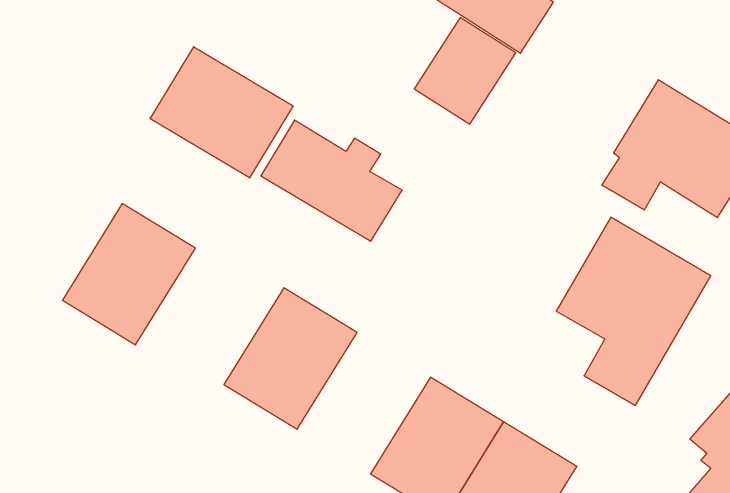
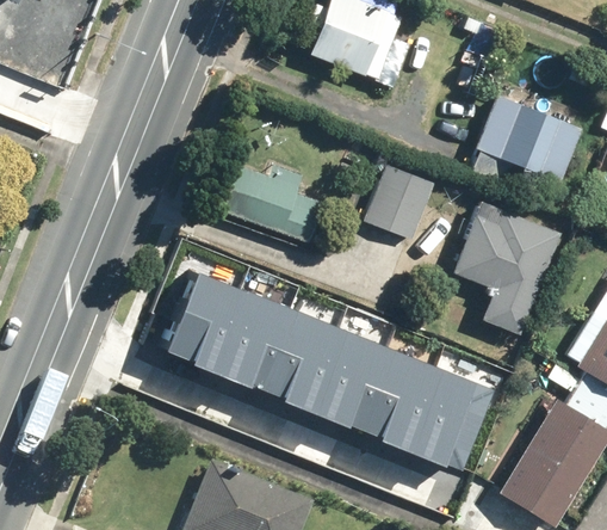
building: [414,18,516,124] -> [365,164,435,241]
building: [150,47,293,178] -> none
building: [62,204,195,345] -> [156,267,248,370]
building: none -> [275,315,367,418]

